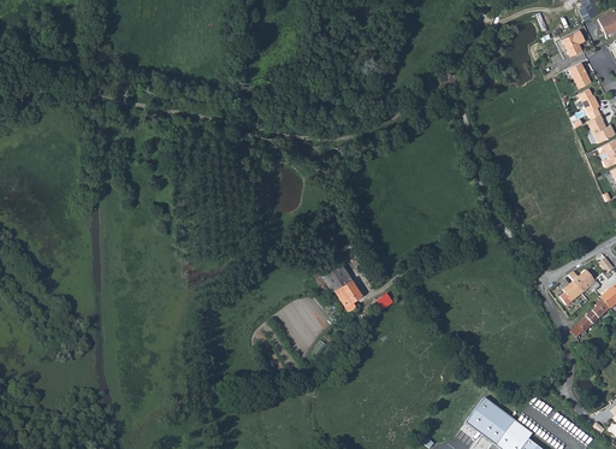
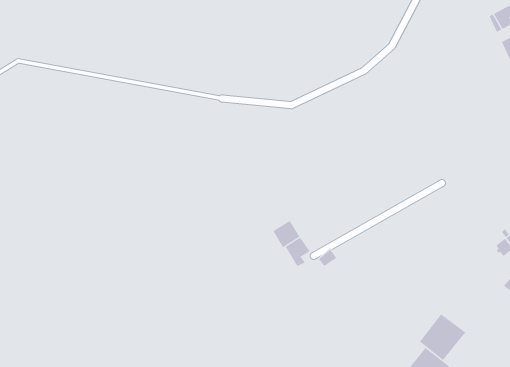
building: none -> [419,313,466,361]

